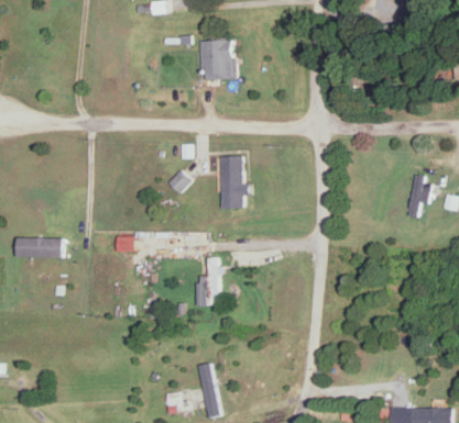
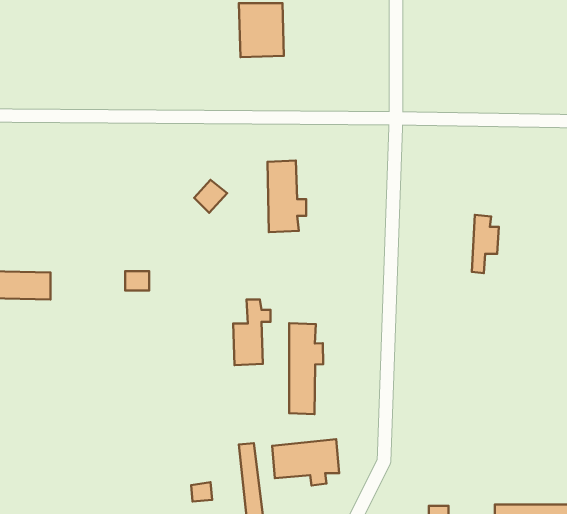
building: [409,175,429,218] -> [472,215,499,273]
building: none -> [289,323,323,414]
building: none -> [272,439,339,485]

